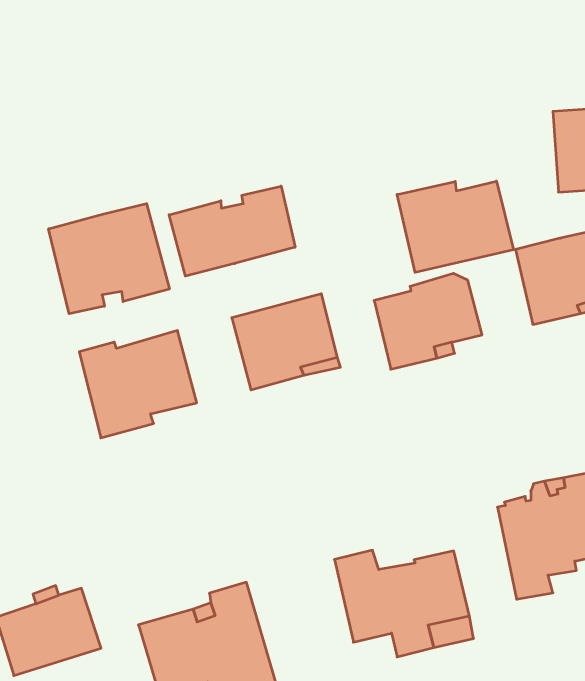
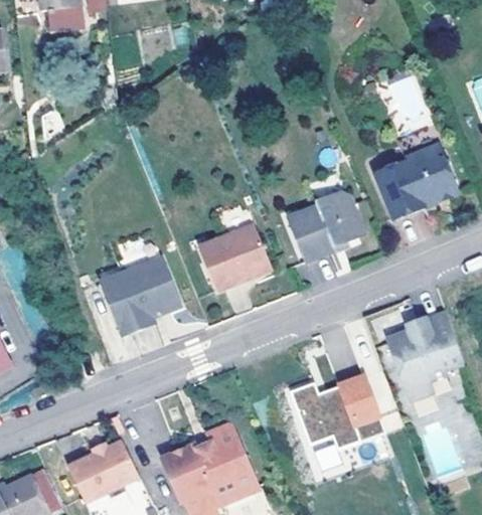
building: [397,181,514,272] -> none
building: [169,186,295,276] -> none
building: [49,204,169,314] -> none

